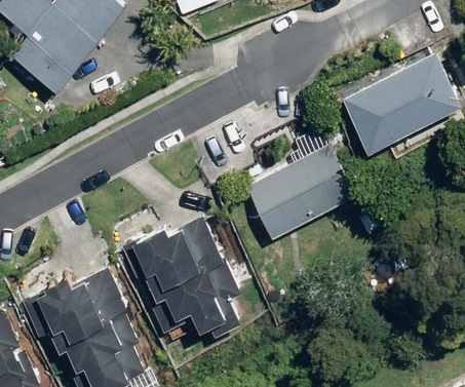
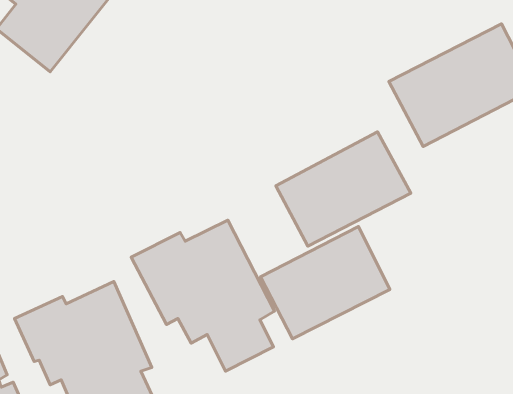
building: none -> [261,226,390,339]

